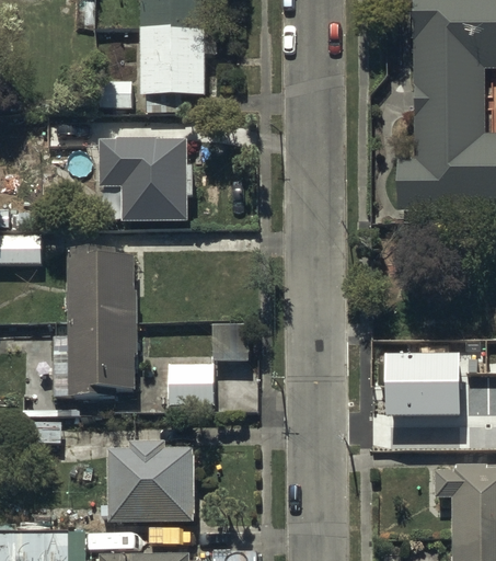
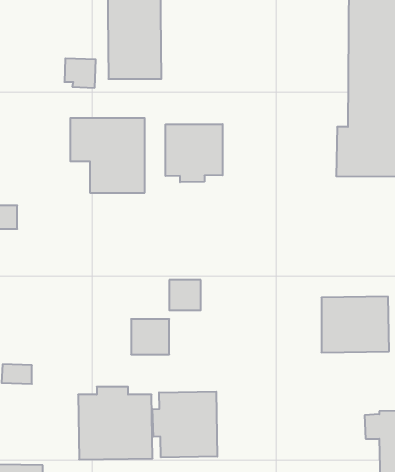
building: none -> [166,124,223,182]
building: [73,254,137,392] -> none
building: none -> [153,392,217,457]

